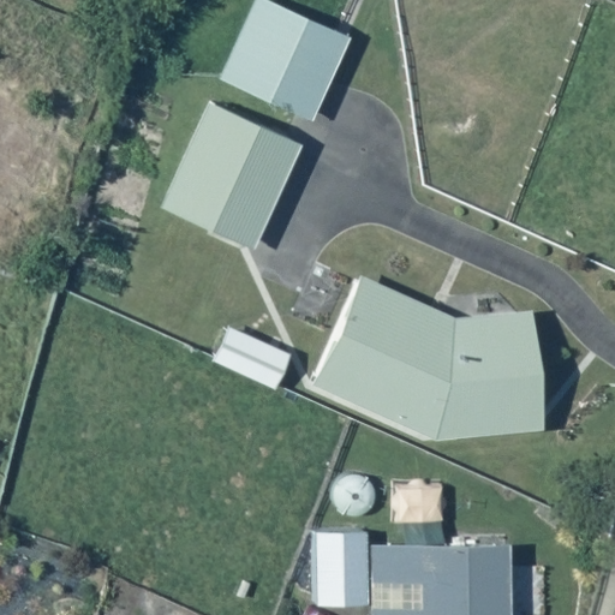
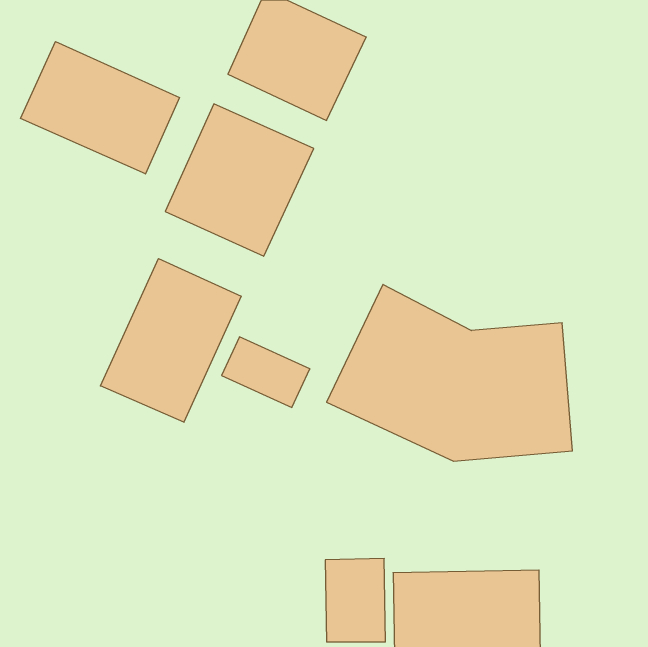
building: none -> [20,42,180,174]
building: none -> [100,259,241,422]

